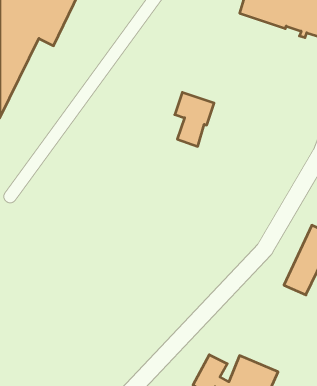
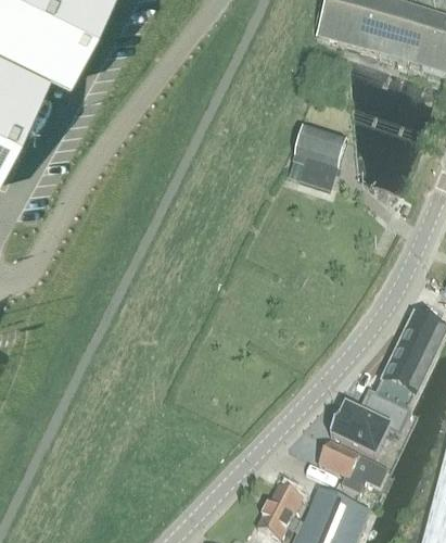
building: [175,92,214,146] -> [295,125,347,197]
building: none -> [332,393,407,455]
building: none -> [319,442,387,493]

